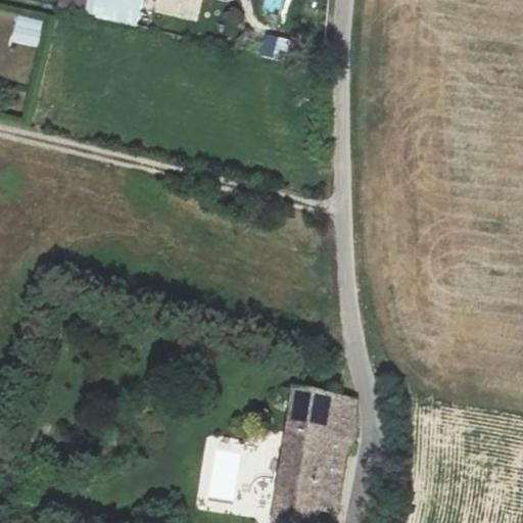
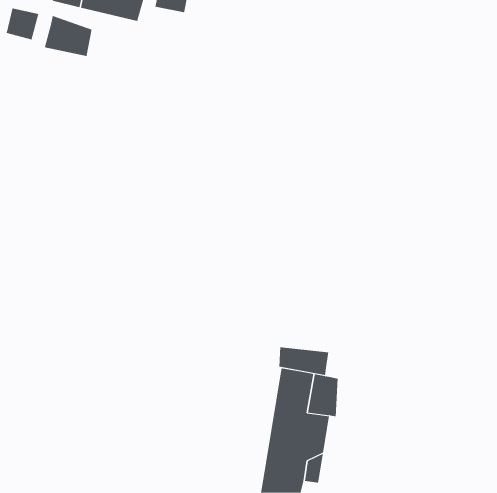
building: none -> [44,15,92,57]
building: none -> [279,347,329,376]

